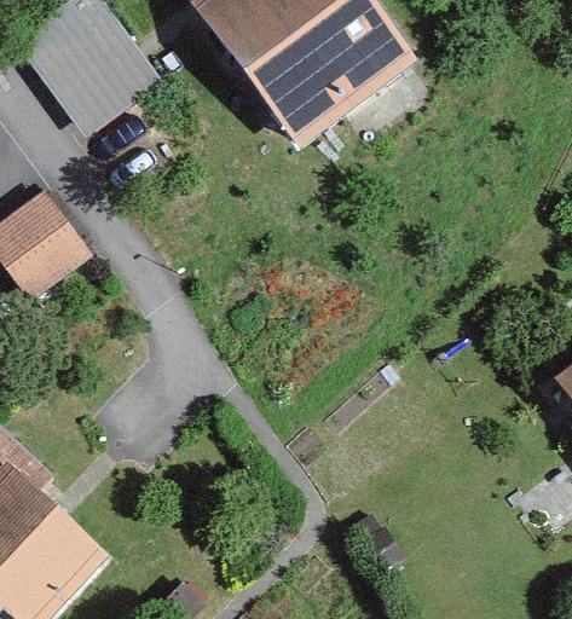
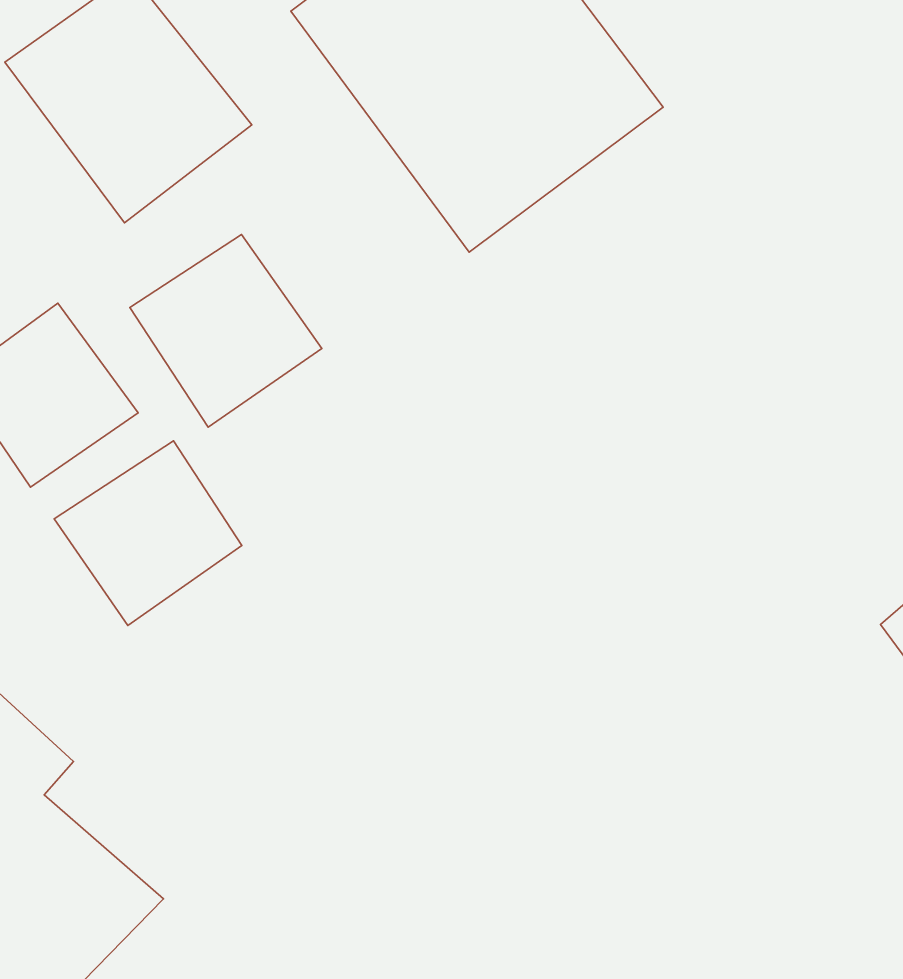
building: none -> [130,234,322,427]
building: none -> [54,441,242,625]

